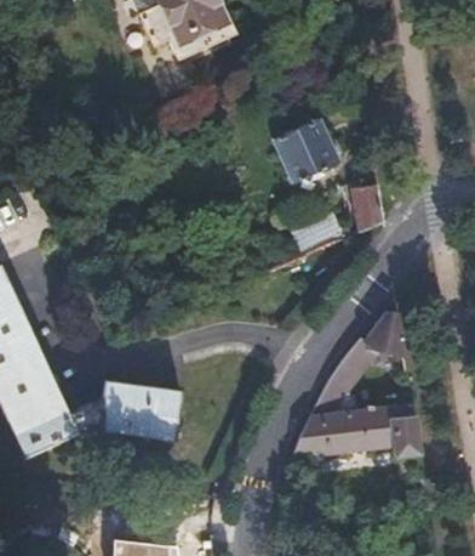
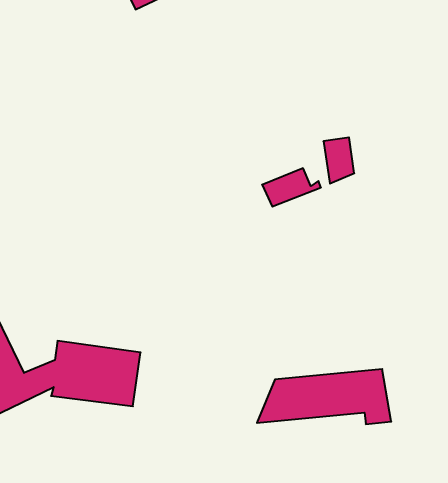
building: [275,117,340,183] -> none
building: [319,310,401,403] -> none

